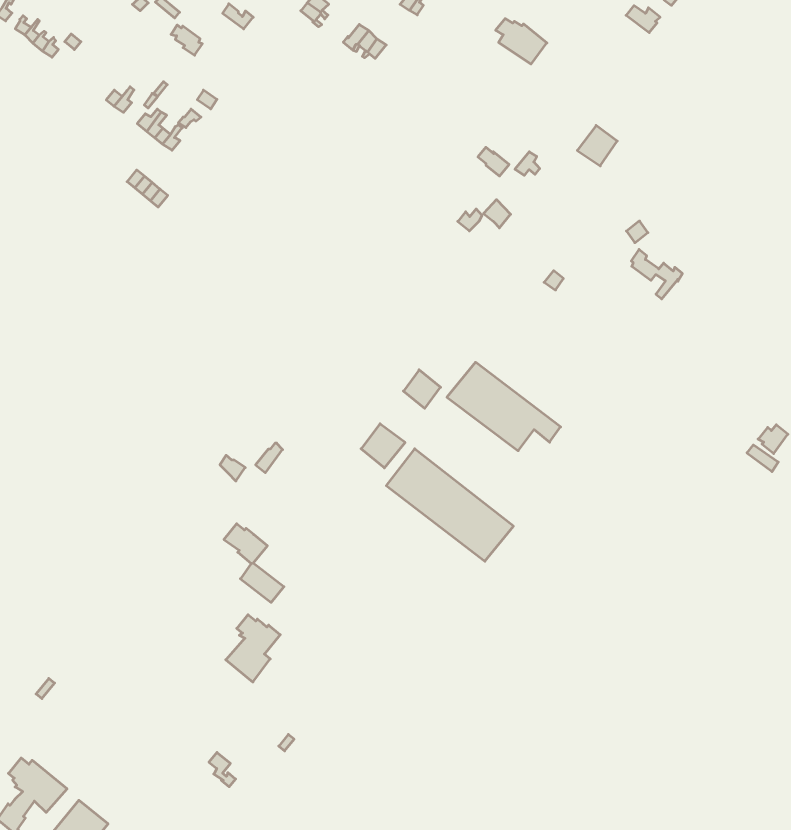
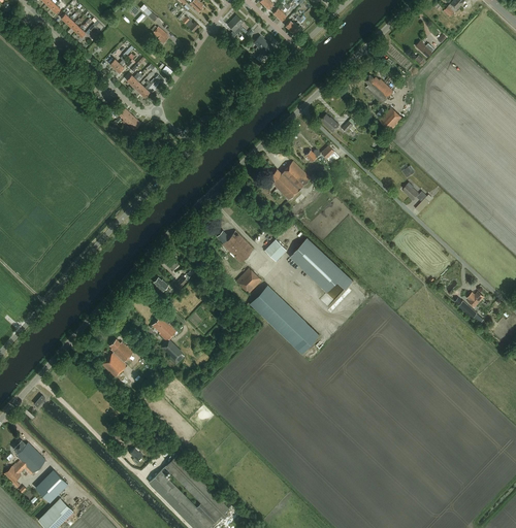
building: [496,19,547,64] -> [364,75,393,103]
building: none -> [268,162,311,200]
building: none -> [217,231,254,269]
building: [226,615,280,682] -> [101,339,134,378]

